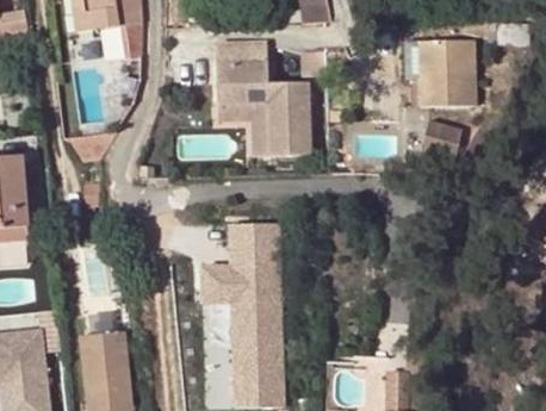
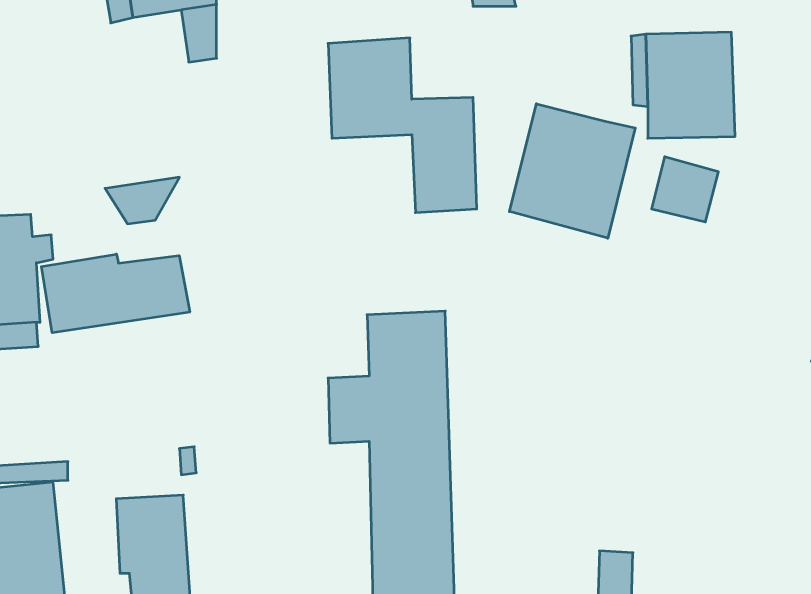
building: none -> [509,104,635,238]
building: [216,105,269,156] -> none
building: none -> [41,254,190,333]

